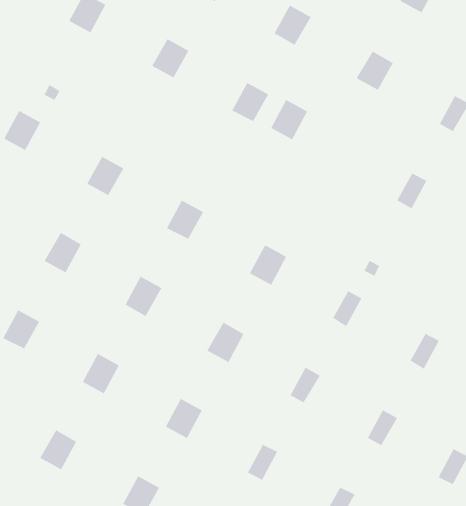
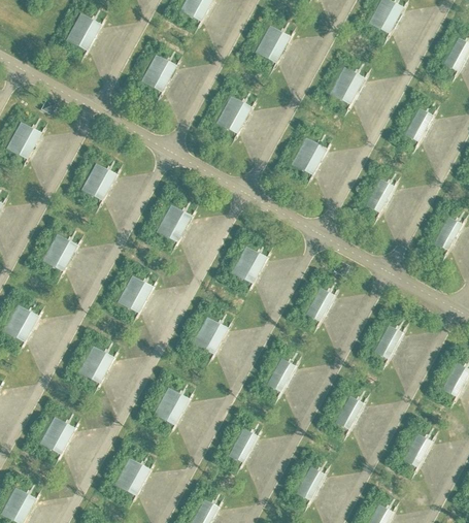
building: [270,99,308,140] -> [290,136,325,174]

